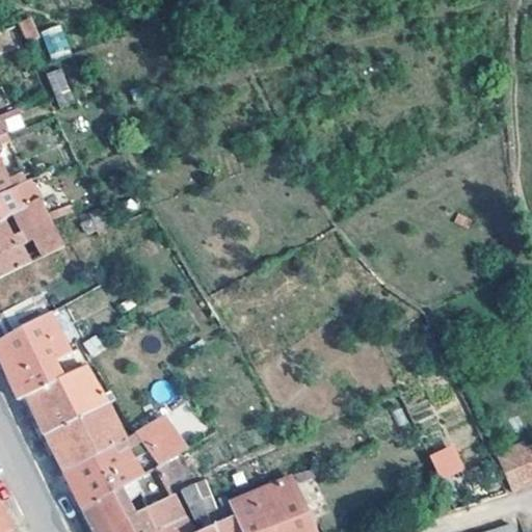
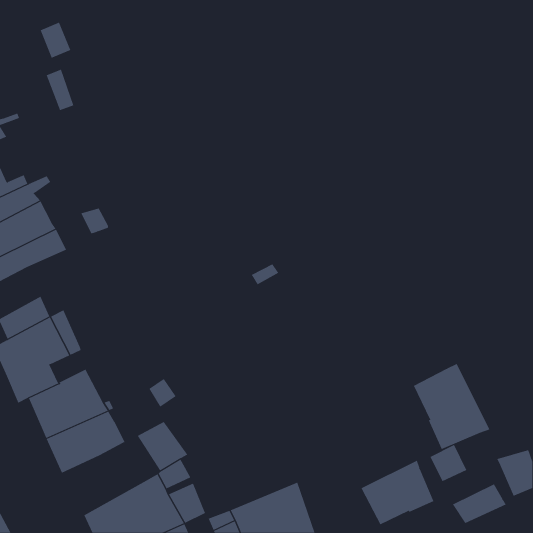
building: none -> [413,363,490,450]
building: [61,441,142,512] -> none
building: none -> [361,460,434,525]
building: none -> [452,483,506,524]

